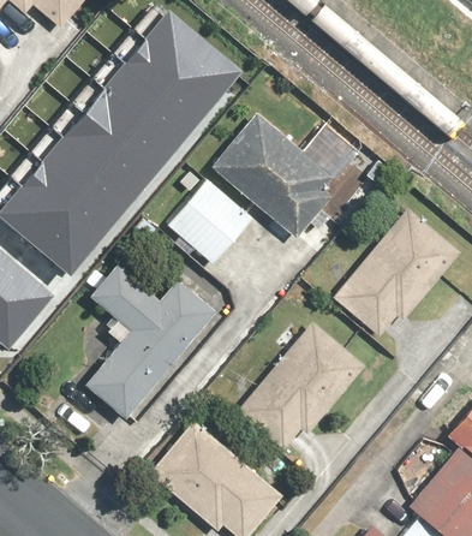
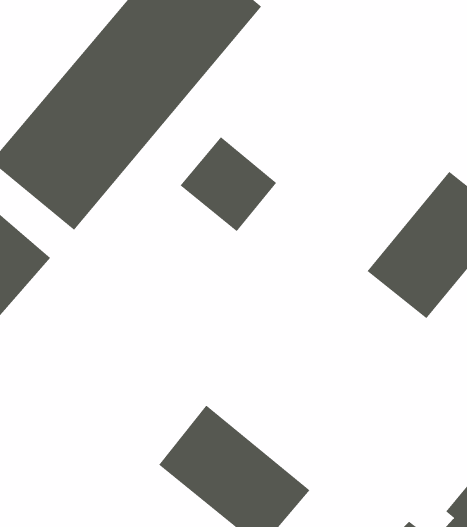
building: [211,112,343,239] -> none
building: [80,269,220,425] -> none
building: [239,323,370,459] -> none

